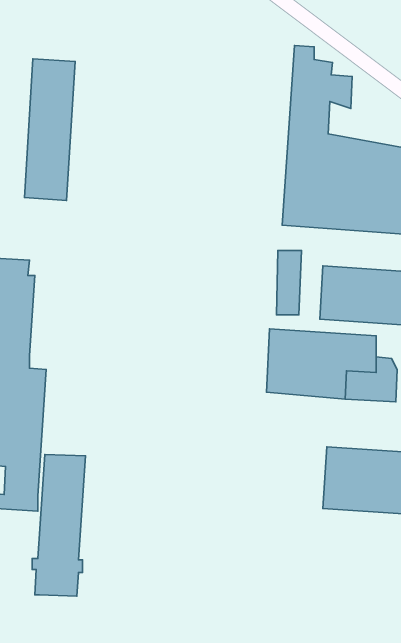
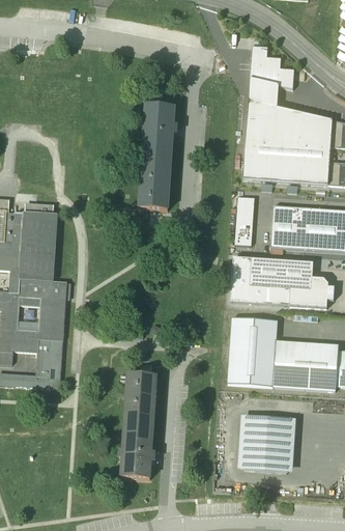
building: [24,59,75,200] -> [138,104,175,208]
building: none -> [227,314,278,386]
building: [32,455,85,596] -> [117,373,156,478]
building: none -> [242,415,289,471]

